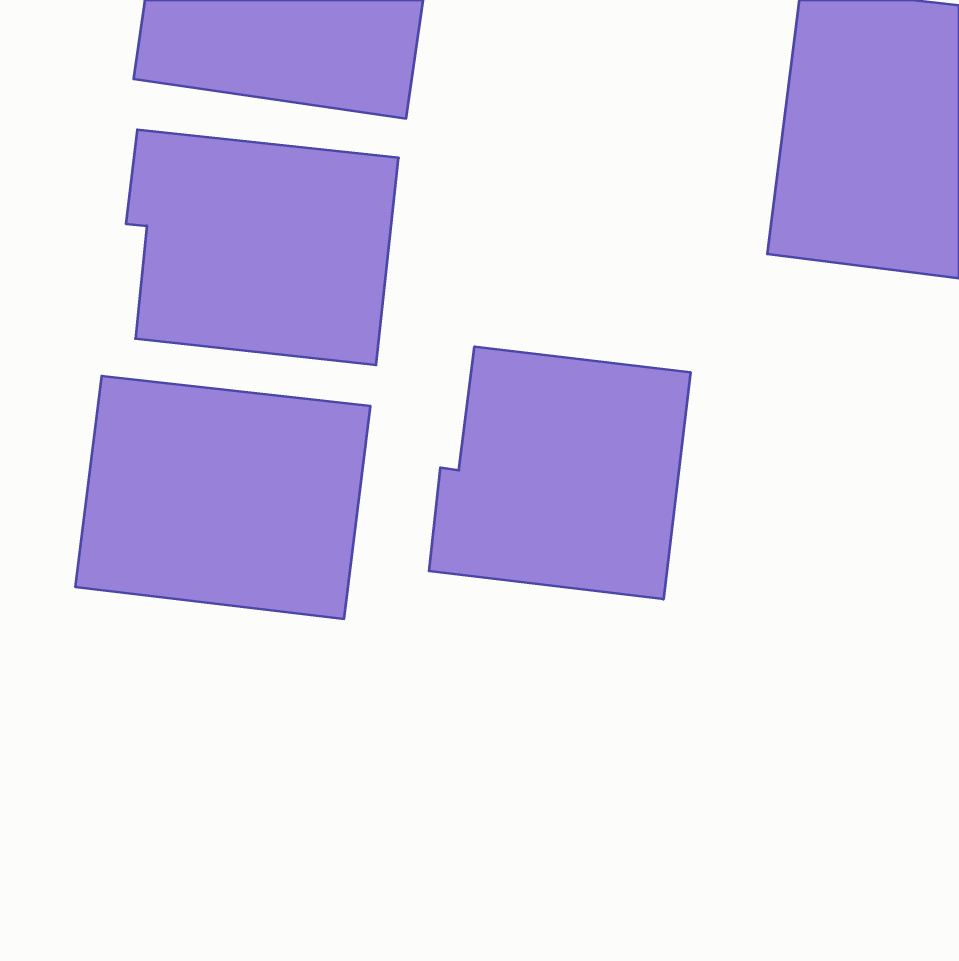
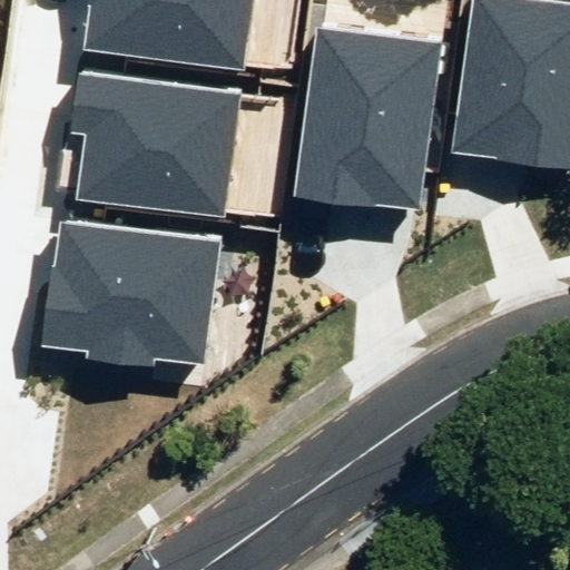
building: none -> [294,27,441,214]
building: [429,347,690,599] -> none

